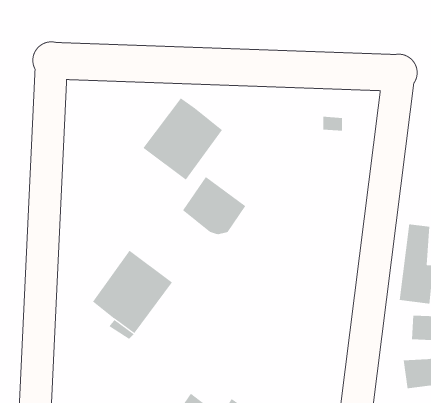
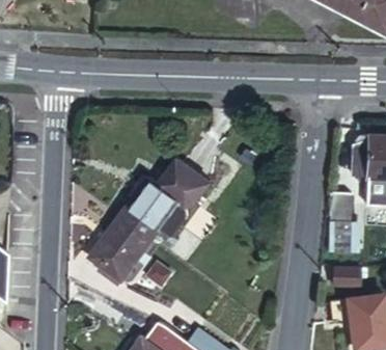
building: [142,97,223,180] -> [119,177,181,240]

